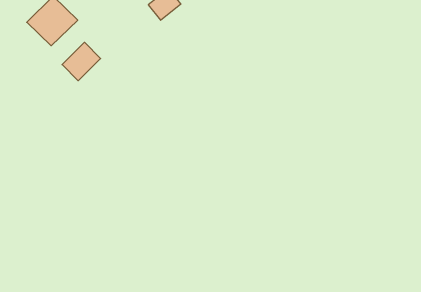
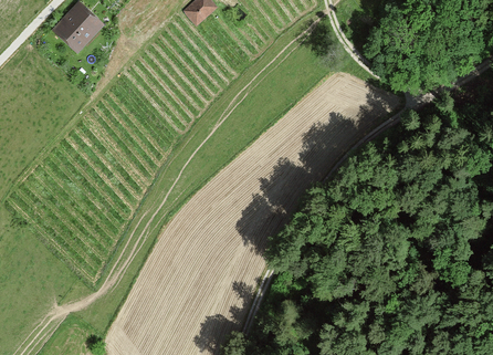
building: [62,42,101,81] -> none

